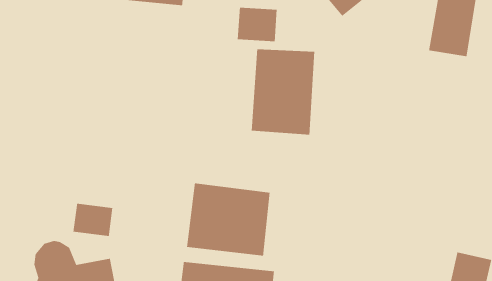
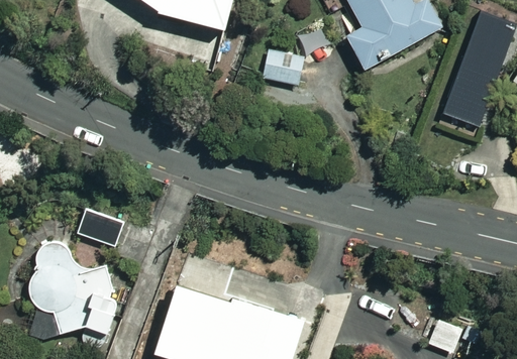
building: [251,48,315,135] -> none
building: [186,183,271,257] -> none

